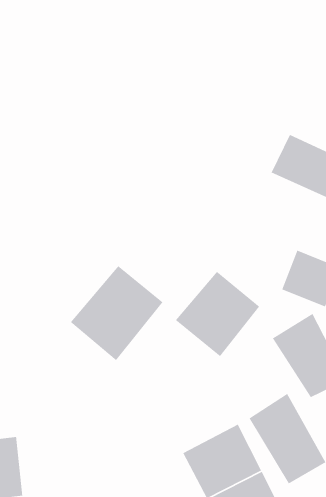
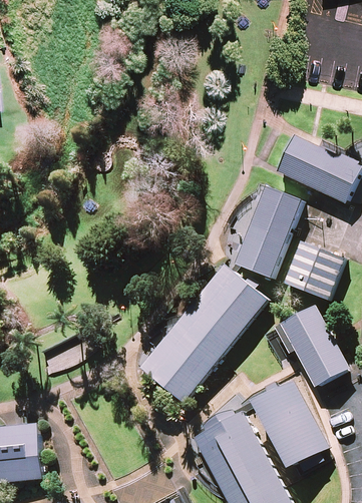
building: none -> [239,187,302,278]
building: [70,265,163,361] -> [139,311,229,402]

